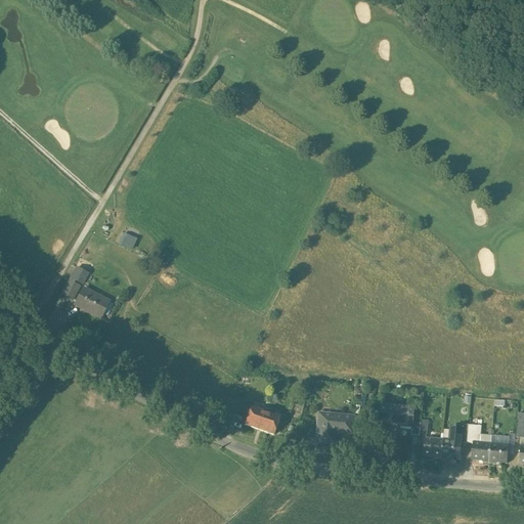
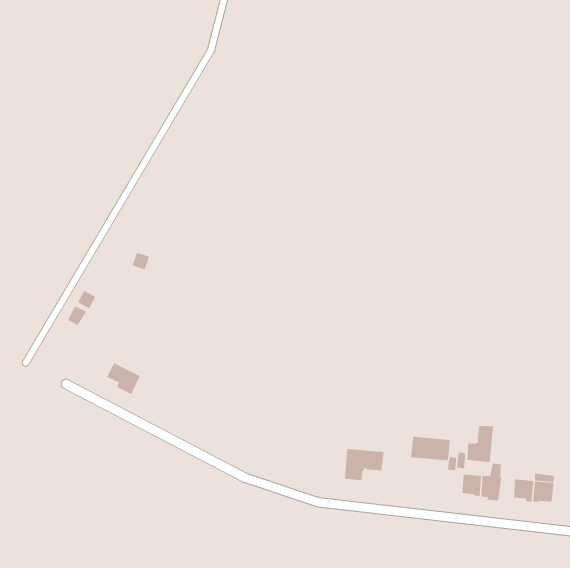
building: [77,288,108,317] -> [106,363,141,395]
building: none -> [467,425,493,463]
building: [246,406,280,435] -> none

